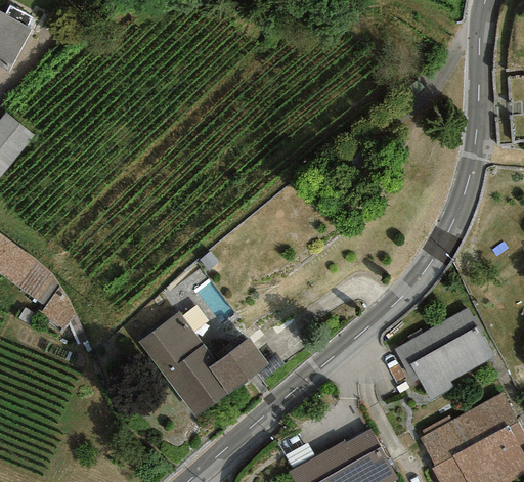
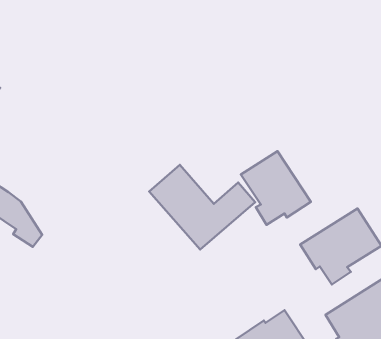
building: none -> [241,151,311,225]
building: [138,311,268,418] -> [149,165,255,250]

